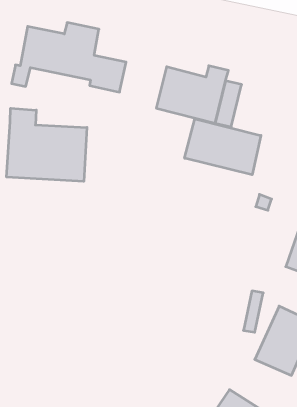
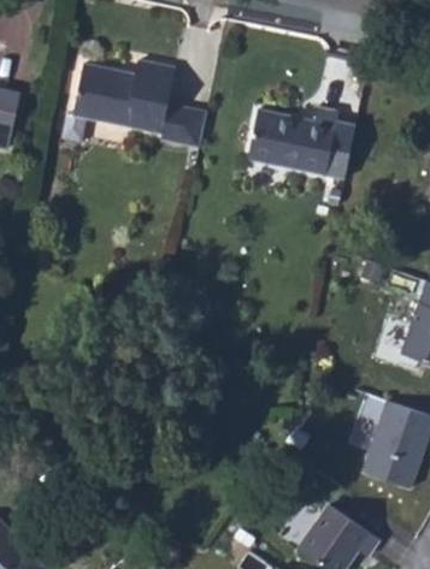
building: [7,108,87,181] -> none
building: [185,119,261,175] -> none

